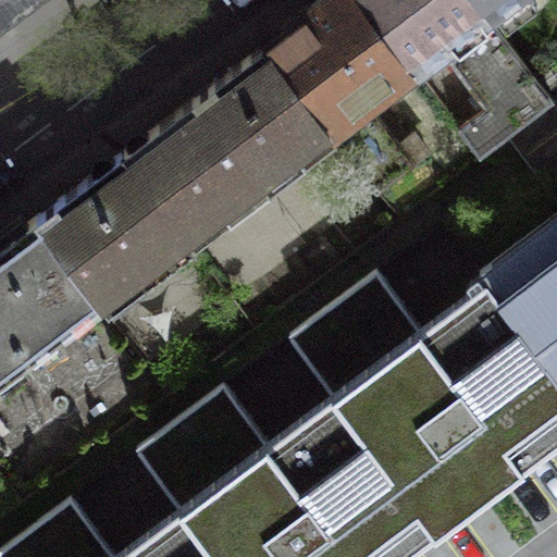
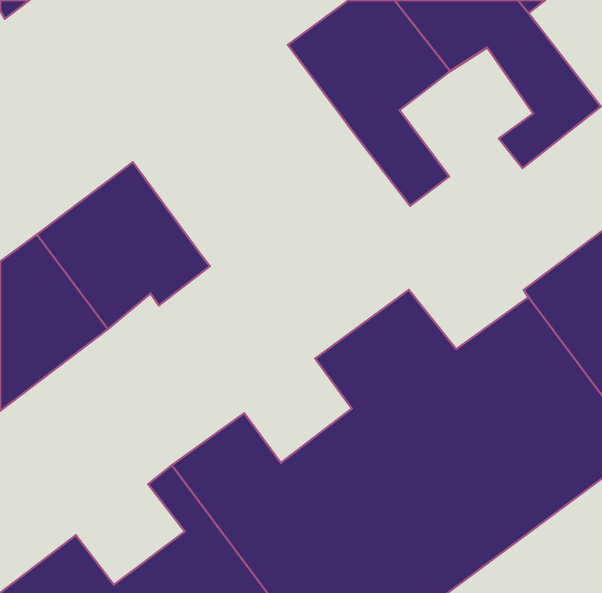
building: [125,52,333,247] -> none

